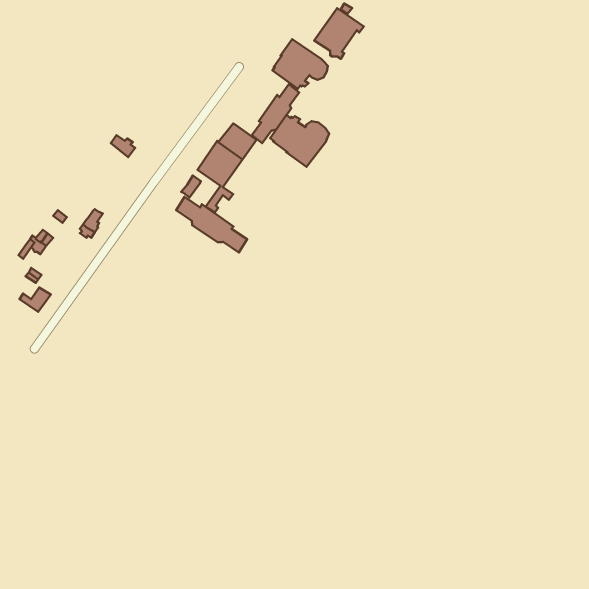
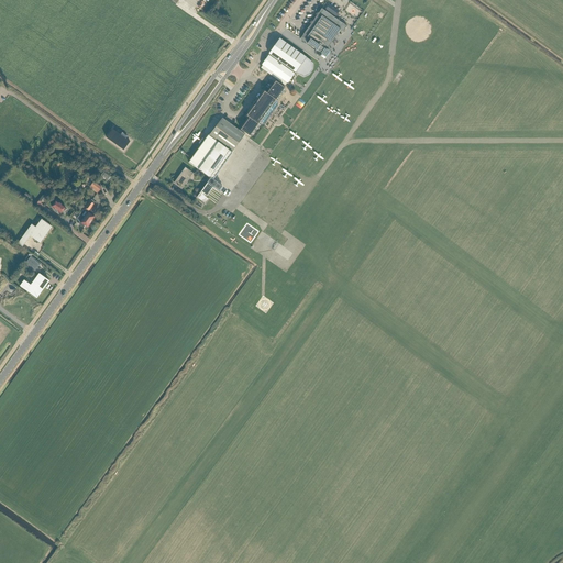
building: [270,115,329,167] -> none
building: [176,197,247,252] -> none

